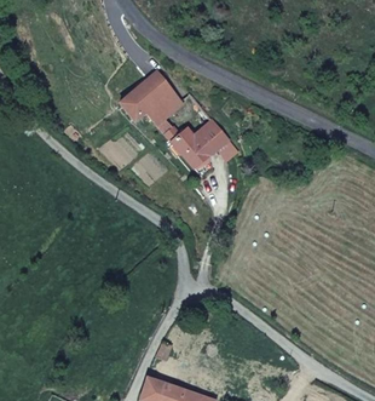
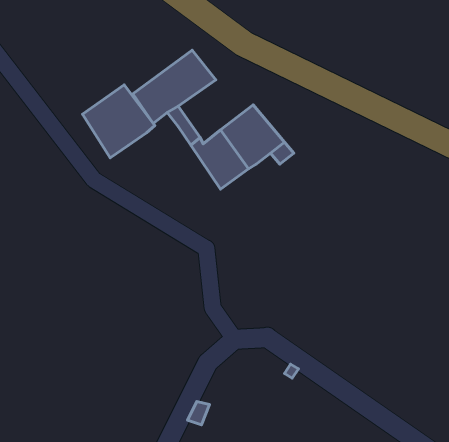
building: none -> [83,85,155,158]

